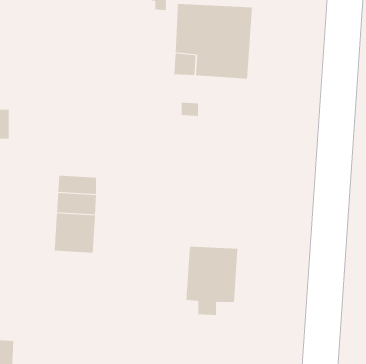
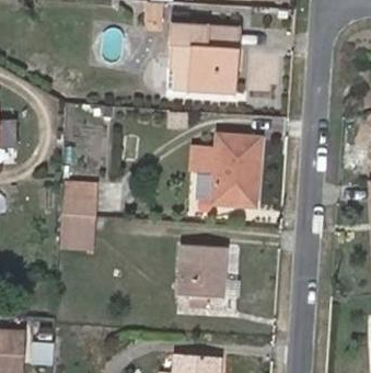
building: none -> [192,134,260,205]

